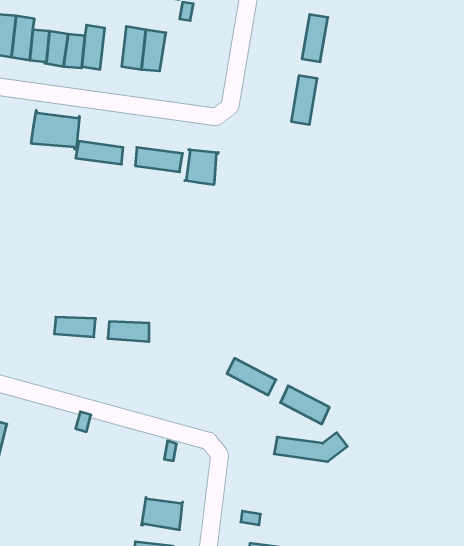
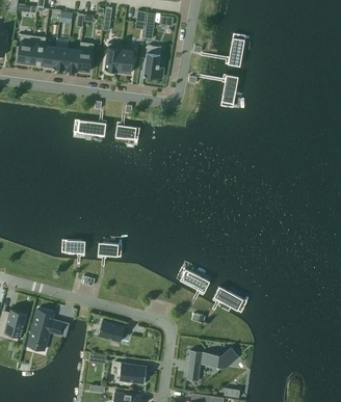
building: none -> [143,46,163,78]
building: [31,110,79,150] -> none
building: [185,150,218,185] -> none
building: none -> [28,310,62,350]
building: [274,433,347,462] -> [188,347,238,367]
building: none -> [99,320,125,343]

